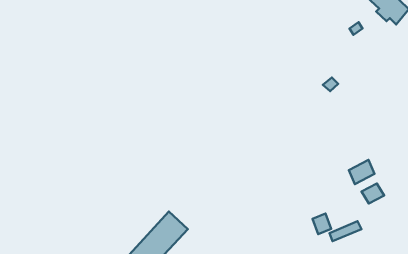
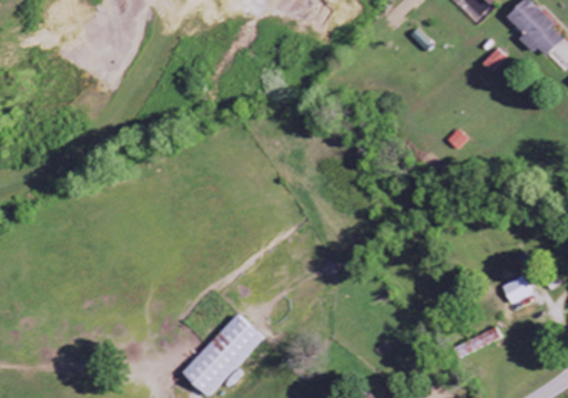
building: [349,160,375,184] -> none
building: [313,213,331,234] -> none

